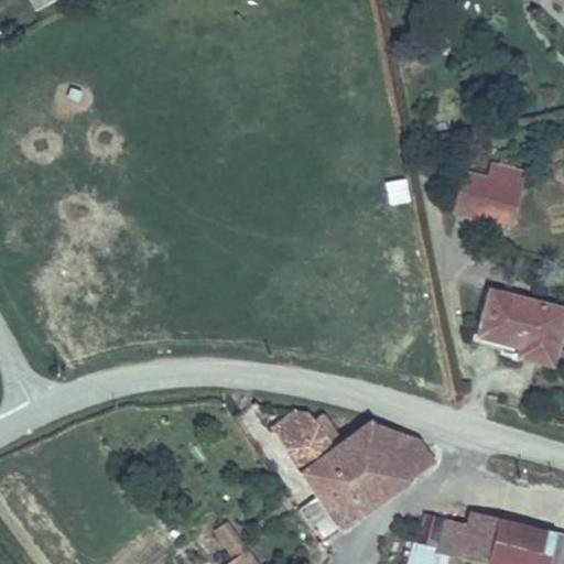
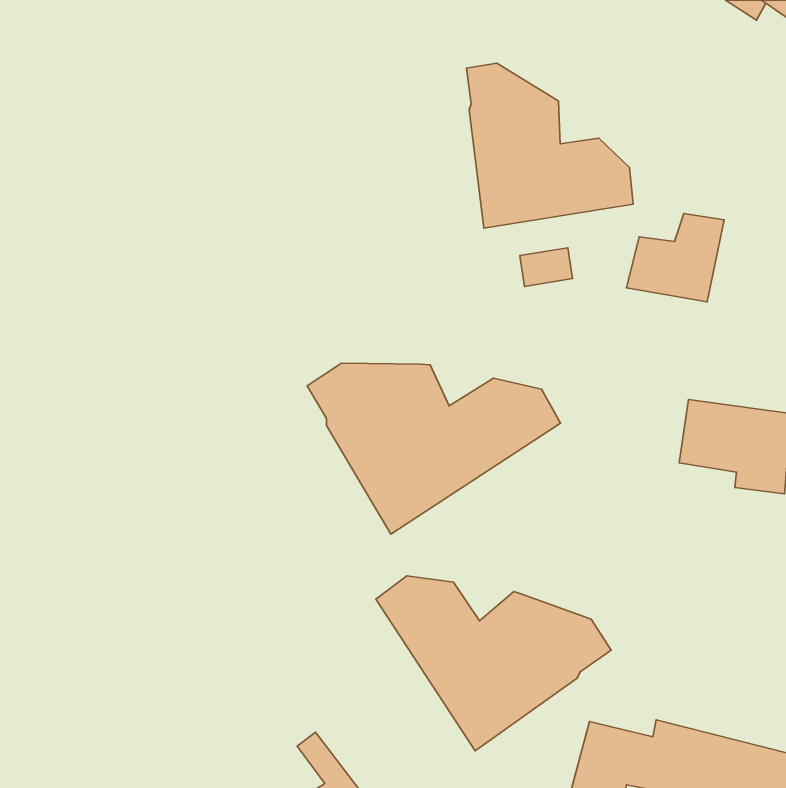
building: none -> [466,63,633,228]
building: none -> [307,363,560,534]

